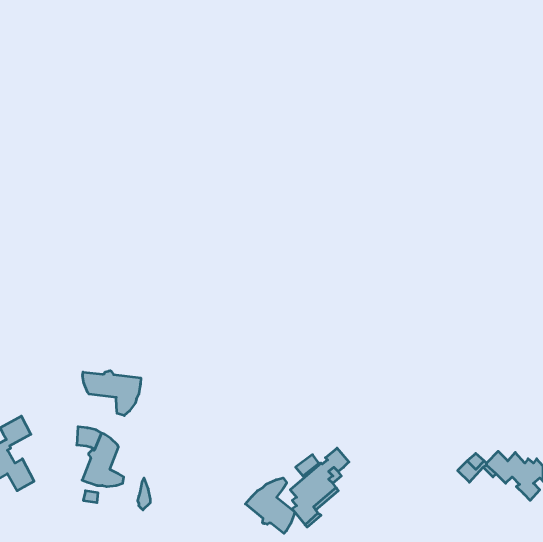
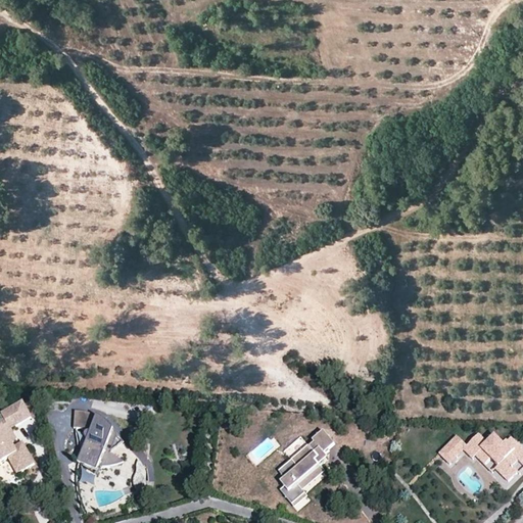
building: [83,371,141,416] -> none
building: [245,478,294,533] -> none

